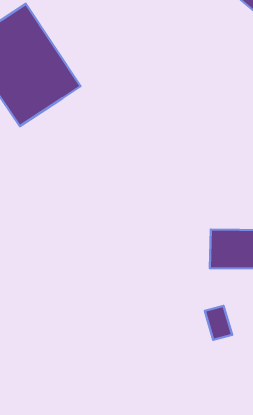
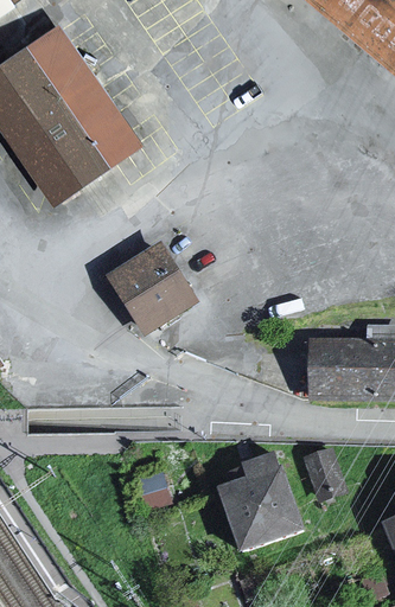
building: none -> [116,250,191,328]
building: none -> [215,455,300,550]

